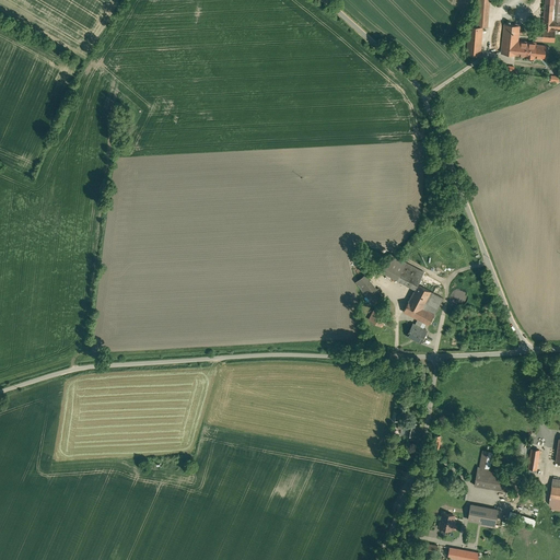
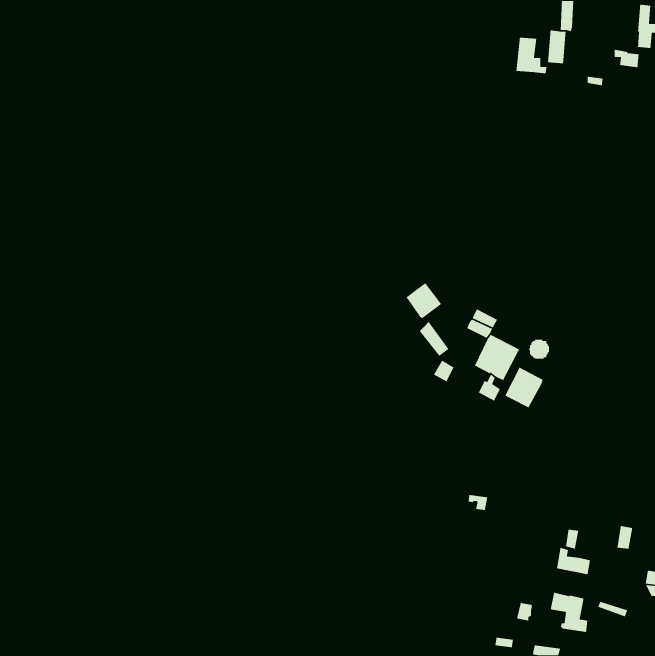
building: [502,24,529,56] -> [515,37,548,74]
building: none -> [406,282,442,319]
building: none -> [504,367,544,408]

